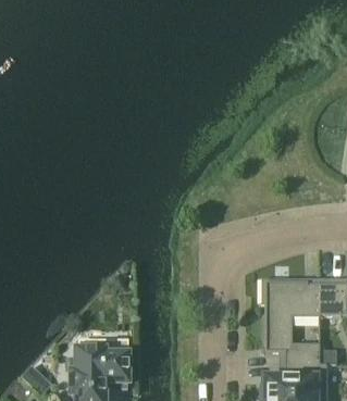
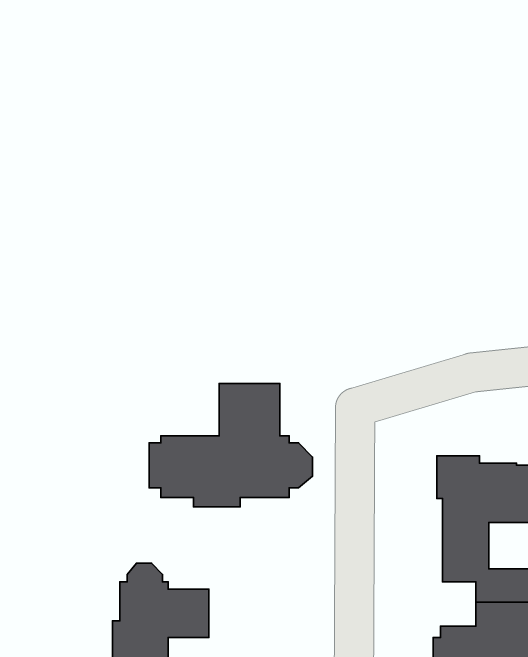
building: none -> [149,384,313,507]

